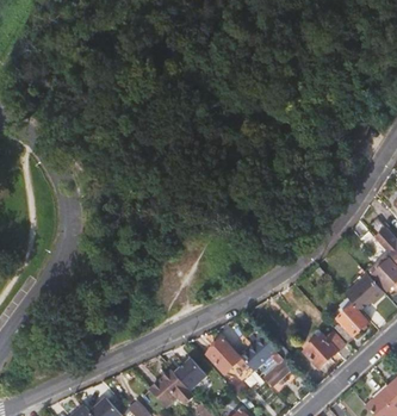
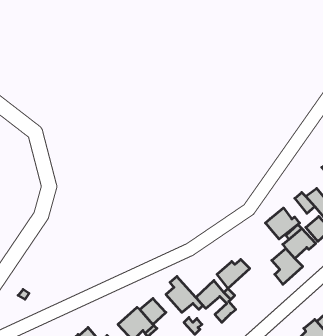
building: none -> [265,208,300,239]
building: [304,334,343,368] -> [217,259,250,288]

